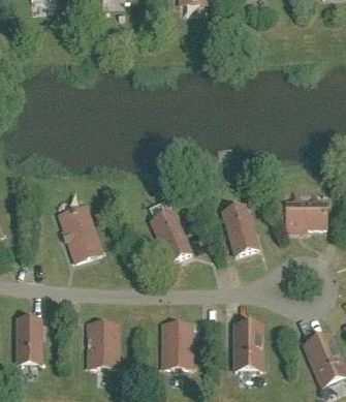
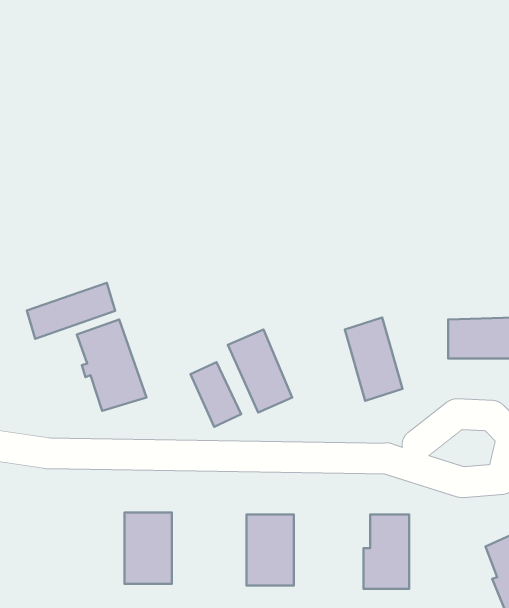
building: none -> [27,283,115,339]
building: none -> [191,362,241,427]
building: [17,318,40,363] -> none

